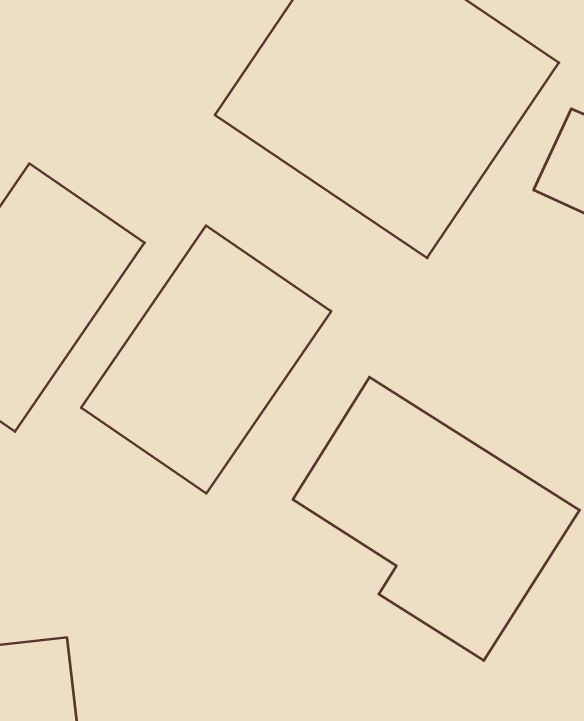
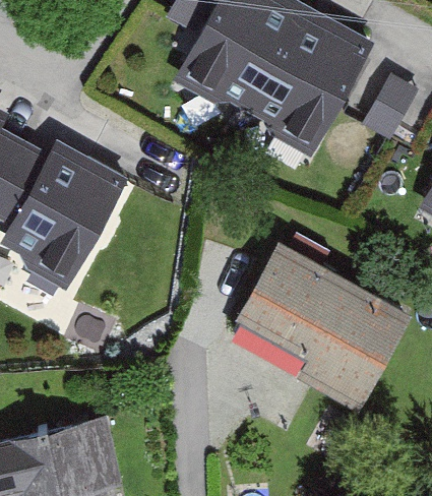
building: [81,226,331,493] -> none

